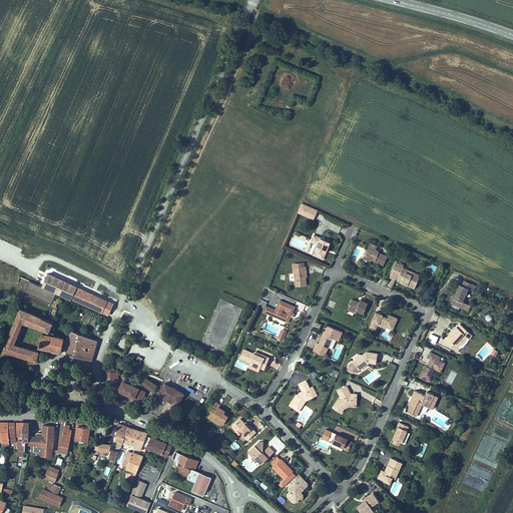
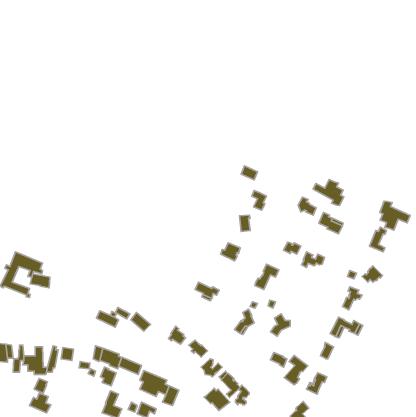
building: none -> [313,179,344,206]
building: none -> [380,201,410,230]
building: [40,277,110,318] -> none
building: [65,333,95,363] -> none
building: [346,351,377,373] -> none
building: none -> [284,355,308,385]
building: none -> [204,388,230,411]

